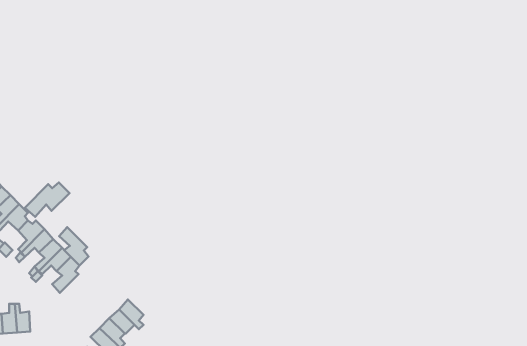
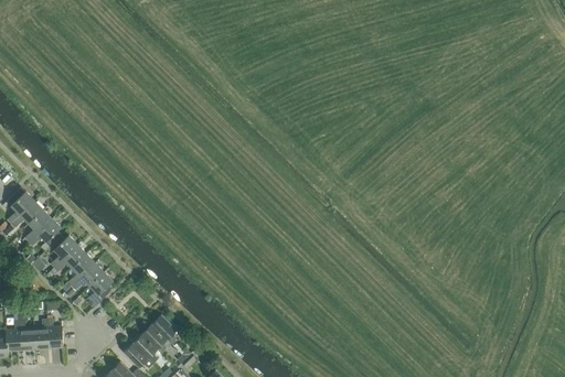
building: [25,183,69,217] -> none
building: [59,227,89,265] -> none

